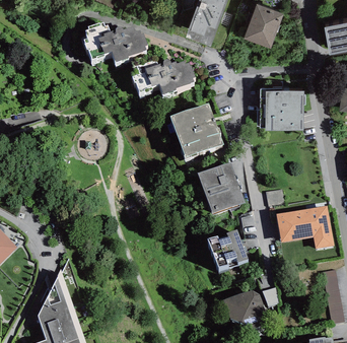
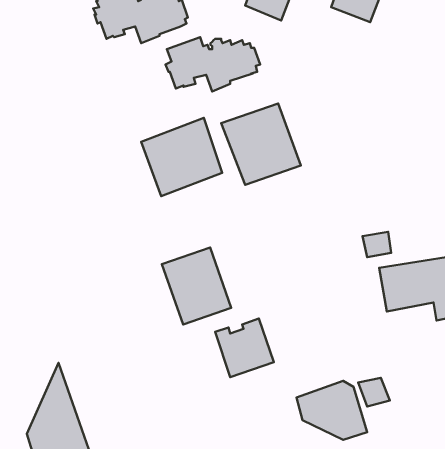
building: [260,87,303,129] -> none
building: none -> [141,118,222,196]
building: [198,160,245,212] -> [162,247,231,324]
building: [208,227,248,267] -> [215,318,274,377]

